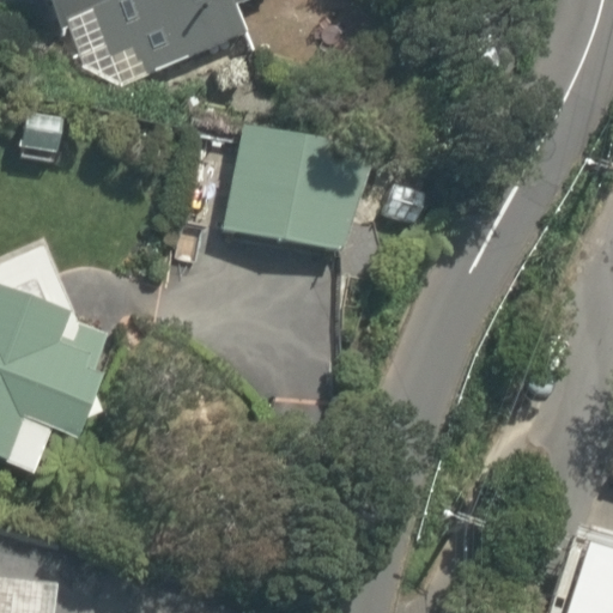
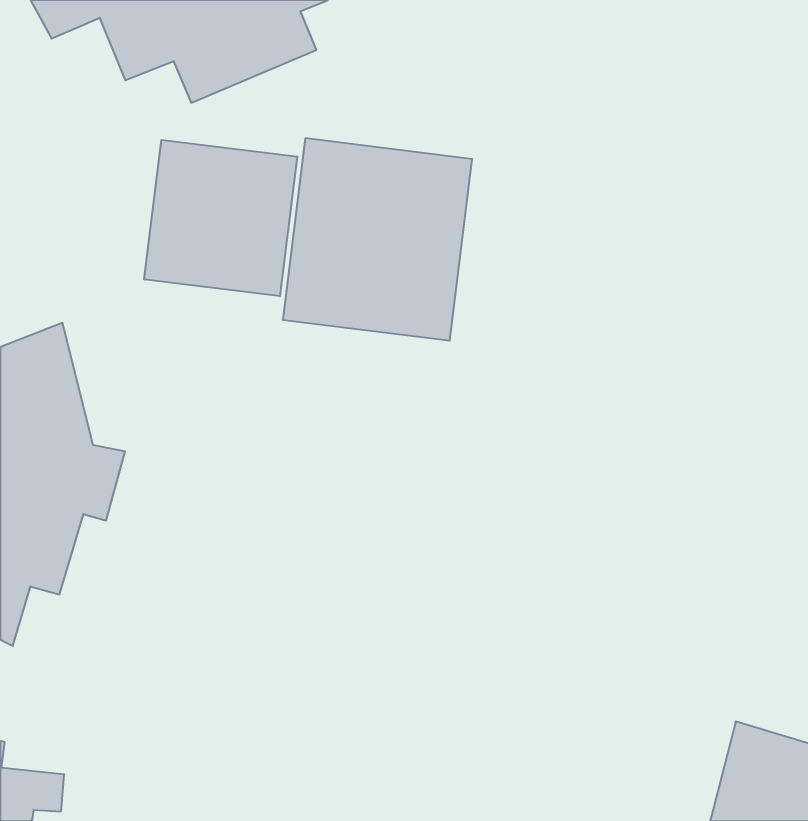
building: none -> [144,140,297,296]

